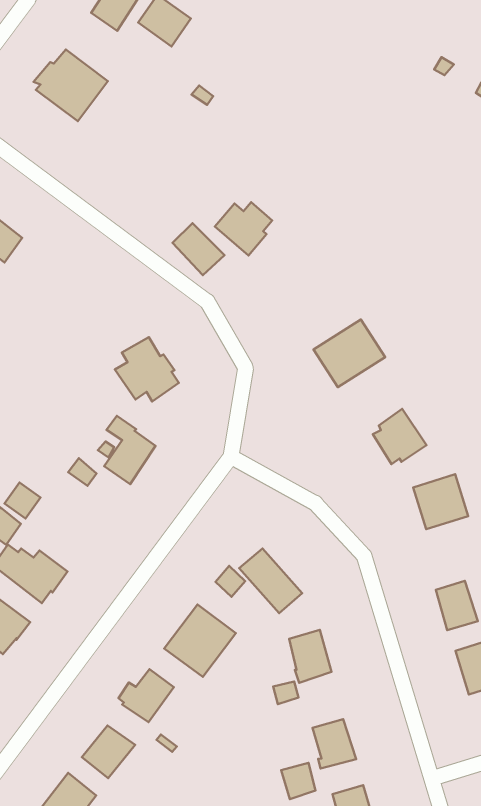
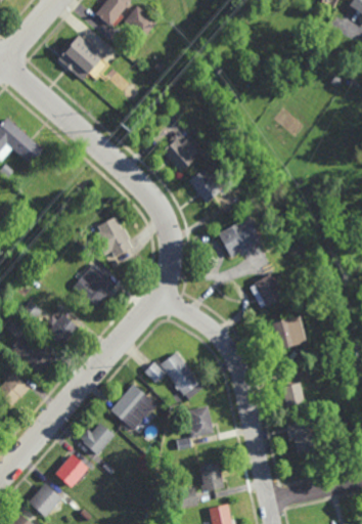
building: [172,223,225,275] -> [189,170,221,203]
building: none -> [47,313,79,346]

